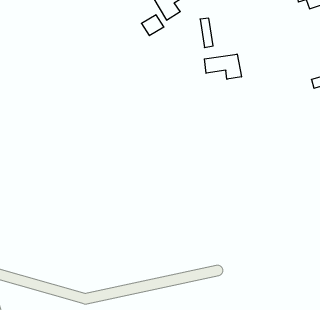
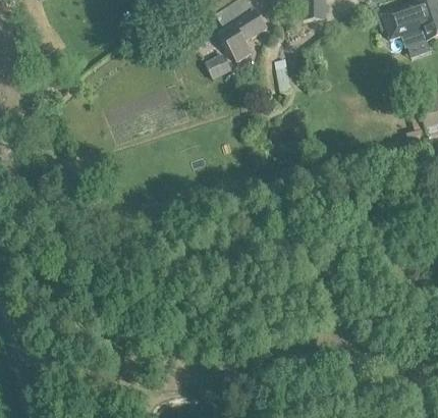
building: [204,54,241,79] -> none

